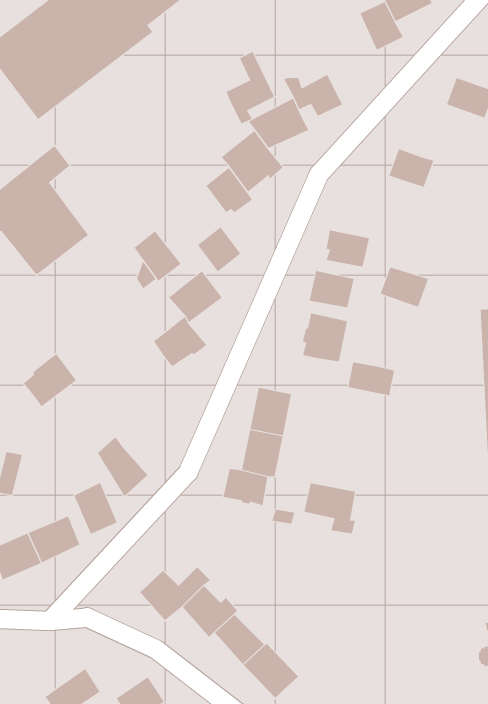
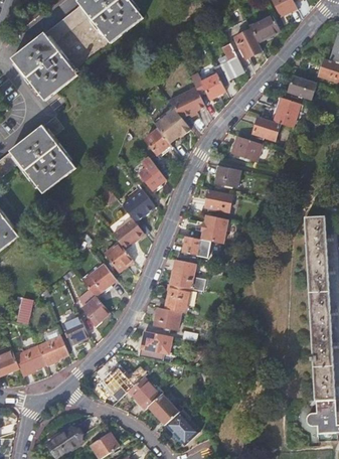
building: [226,51,275,124] -> [213,43,242,87]
building: none -> [272,97,299,128]
building: [134,231,182,282] -> none
building: [380,267,429,308] -> [231,136,261,160]
building: [23,353,77,407] -> [83,263,116,295]
building: none -> [105,242,133,271]
building: [348,362,395,396] -> [181,237,209,257]
building: [303,483,356,534] -> [140,330,171,360]

